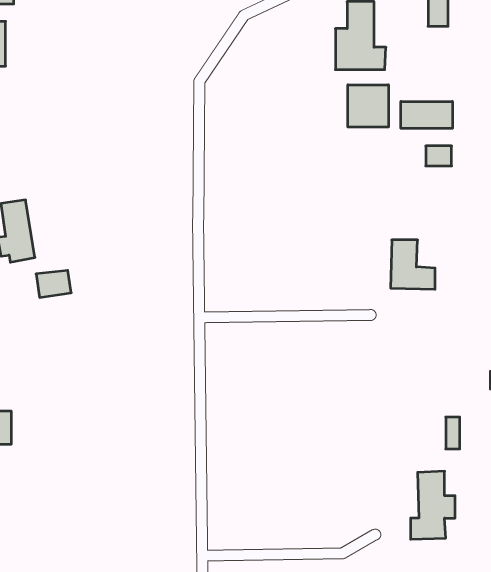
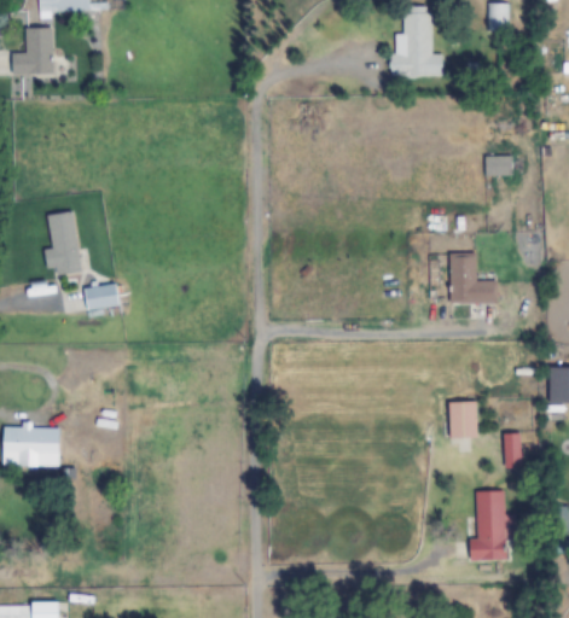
building: [348,85,388,127] -> none
building: [401,101,452,128] -> none
building: none -> [449,402,478,439]

